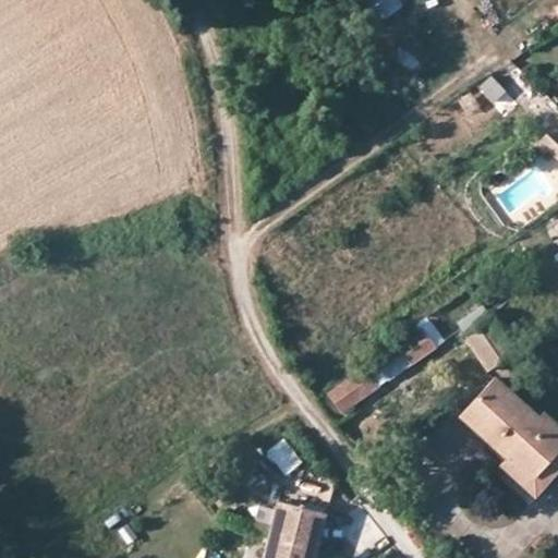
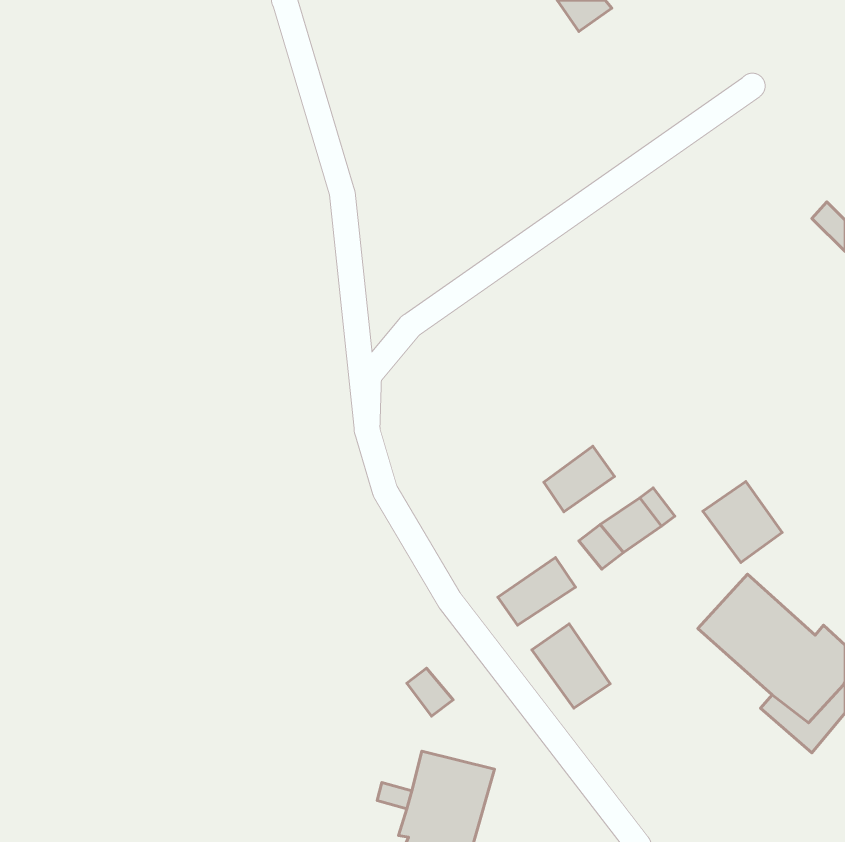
building: none -> [544,446,614,512]
building: none -> [532,624,610,708]

